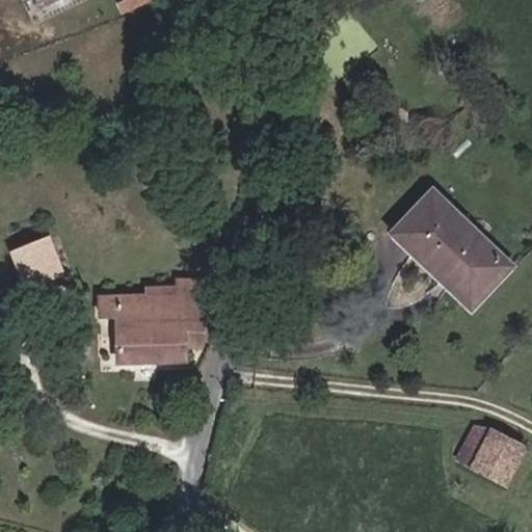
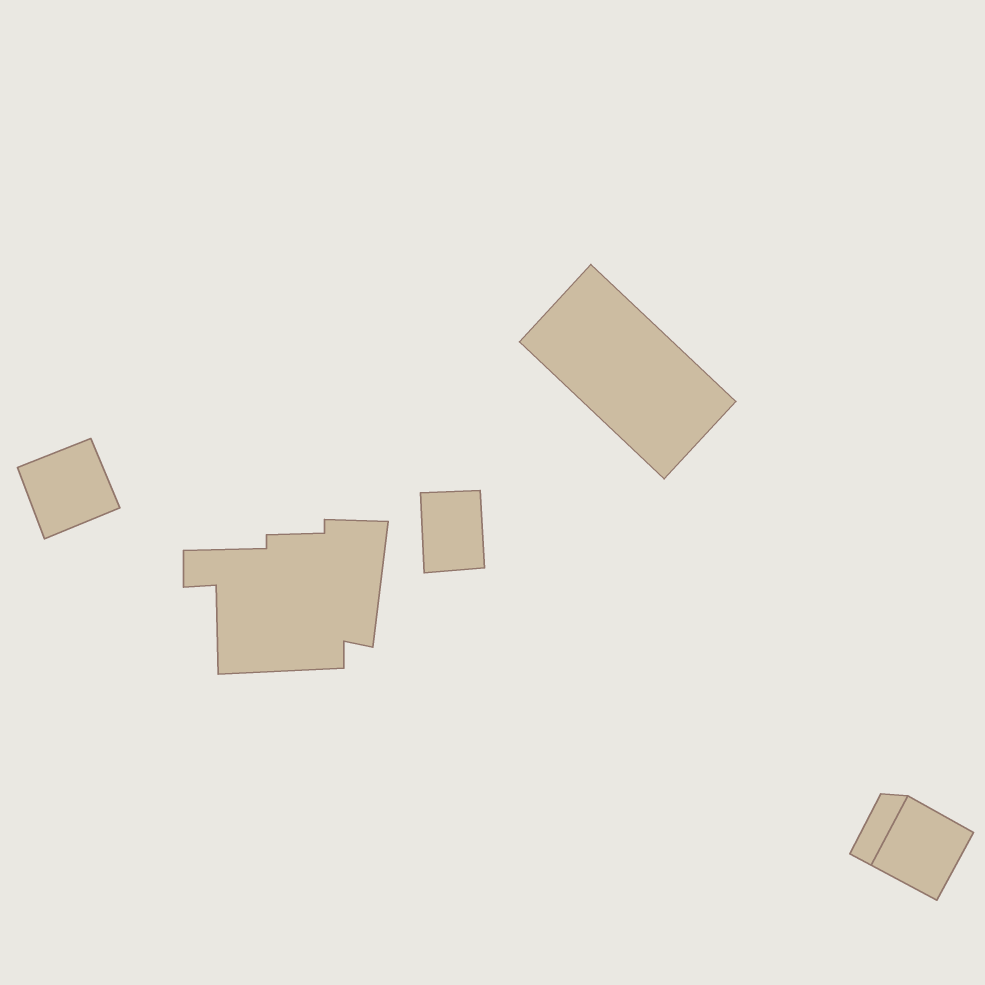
building: [393,191,509,307] -> [519,264,736,479]
building: none -> [420,490,485,573]

